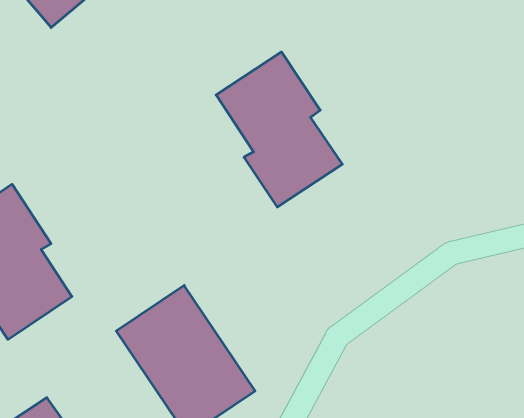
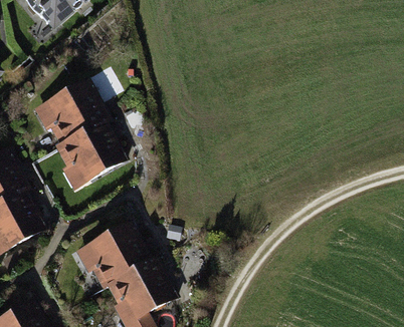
building: [216,52,342,207] -> [44,76,136,189]

